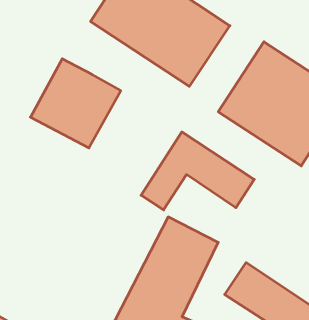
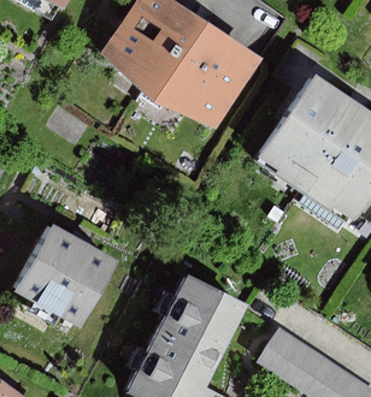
building: [30,59,121,148] -> [11,223,113,324]
building: [141,132,254,210] -> none

